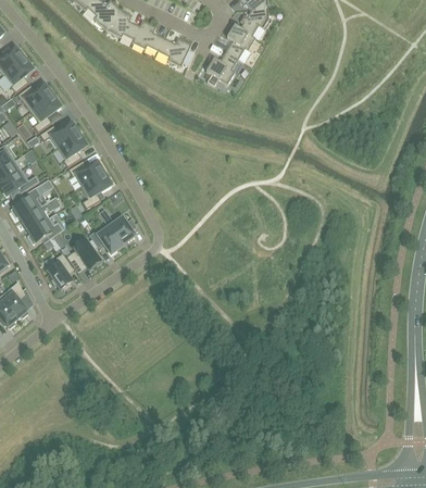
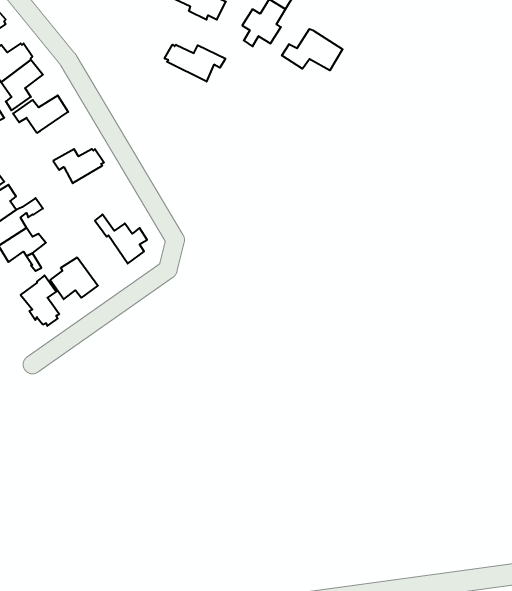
building: none -> [282,29,343,70]
building: none -> [165,45,225,82]
building: [59,132,88,165] -> none
building: [80,171,111,207] -> none
building: [89,222,123,252] -> none

